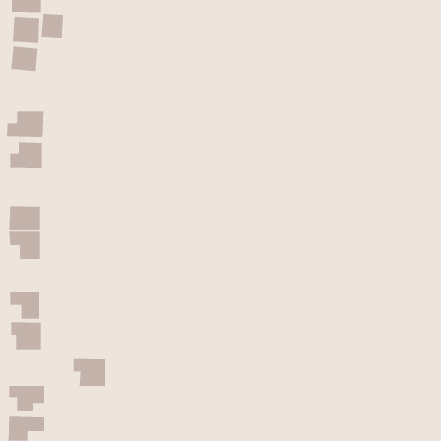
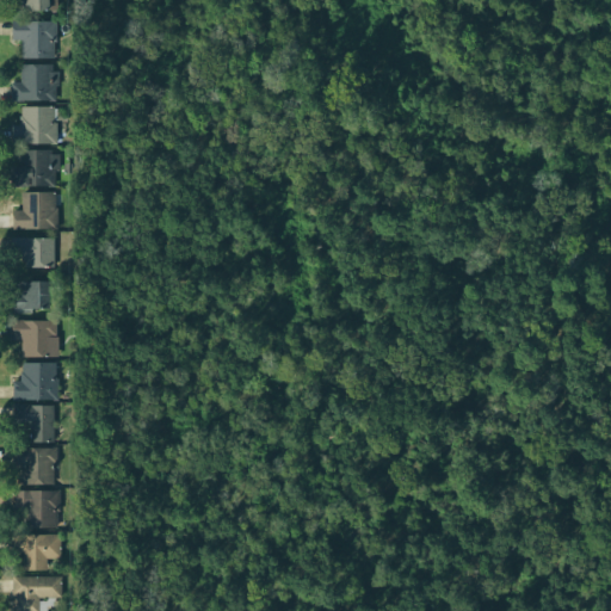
building: [41,13,64,39] -> none
building: none -> [16,106,62,146]
building: none -> [16,240,60,270]
building: none -> [14,362,61,399]
building: [73,358,106,387] -> [16,487,61,526]

